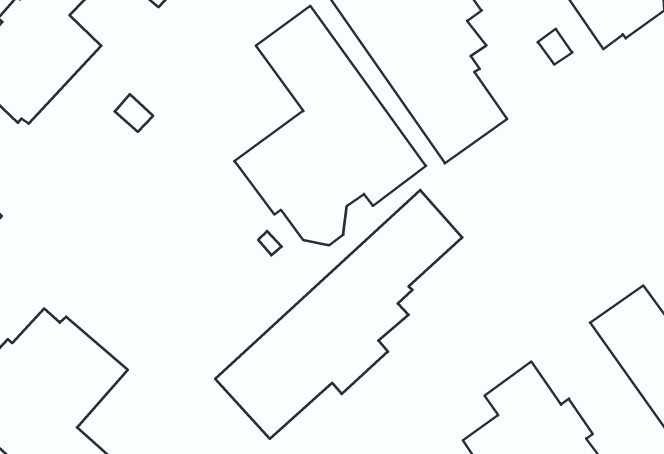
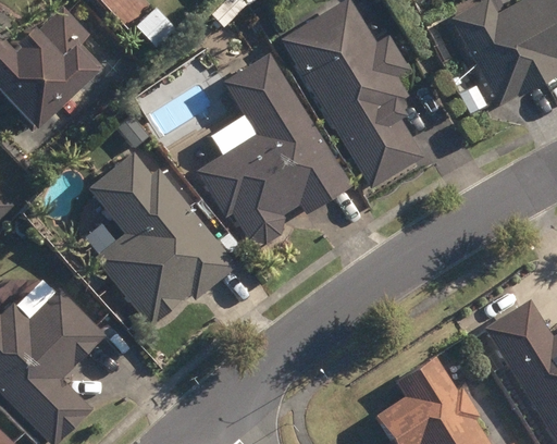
building: none -> [84,149,234,325]
building: [215,190,462,439] -> none

